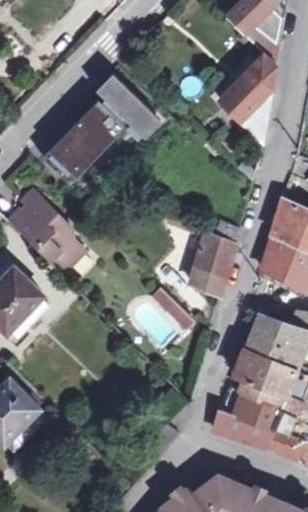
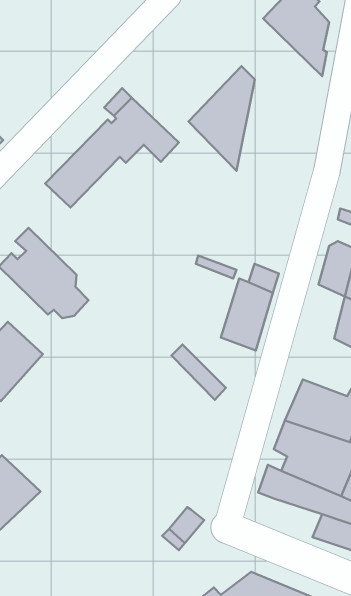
building: [220,54,275,141] -> [188,66,255,171]
building: [262,238,294,283] -> none
building: [213,409,275,448] -> none

